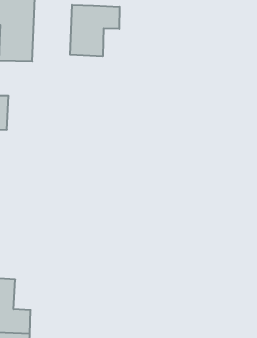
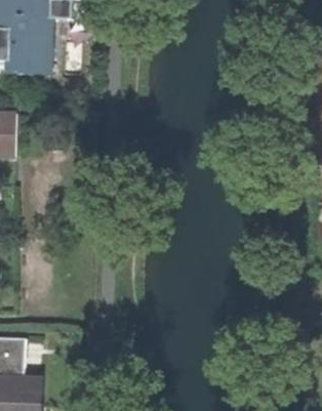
building: [70,5,120,56] -> none

